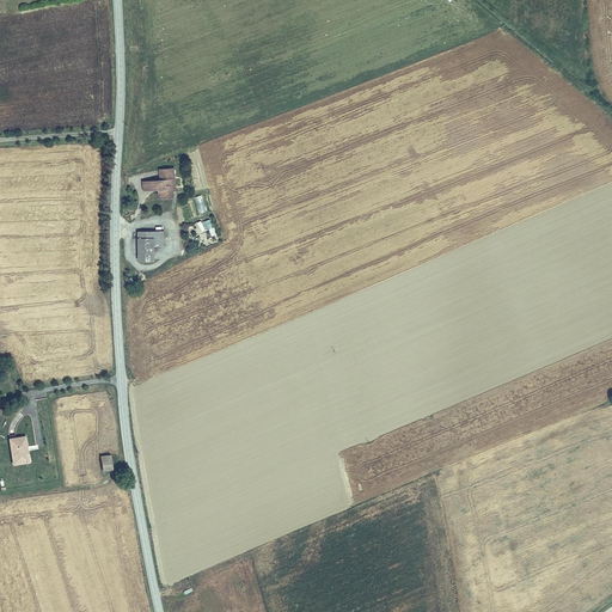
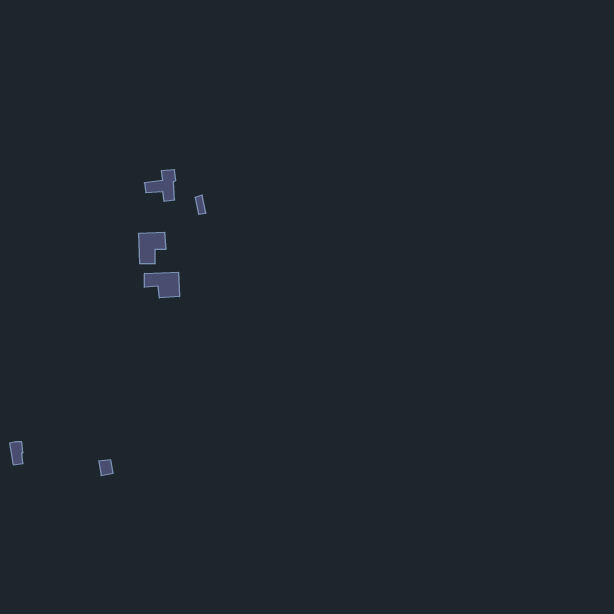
building: none -> [144,272,179,298]

